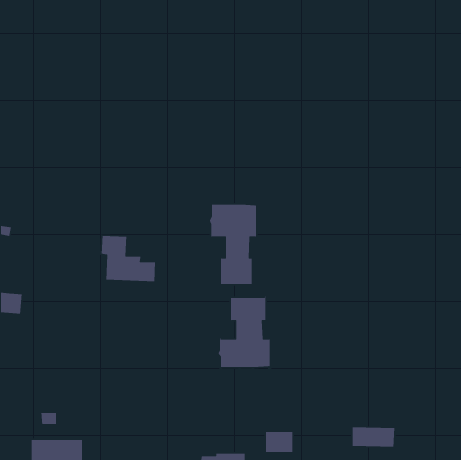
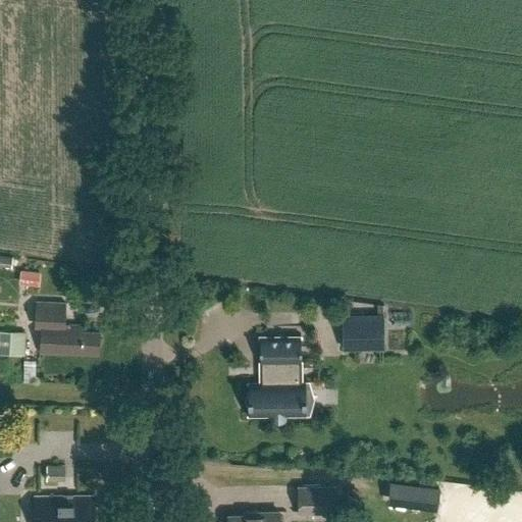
building: [209,201,257,287] -> none
building: [101,235,156,282] -> [36,303,98,356]
building: none -> [343,317,383,351]

